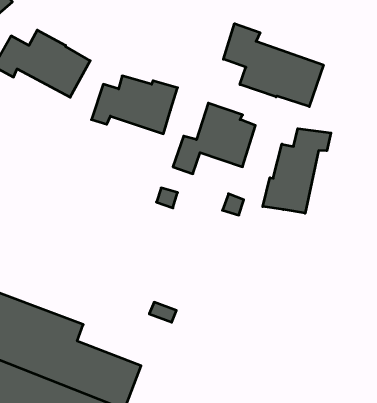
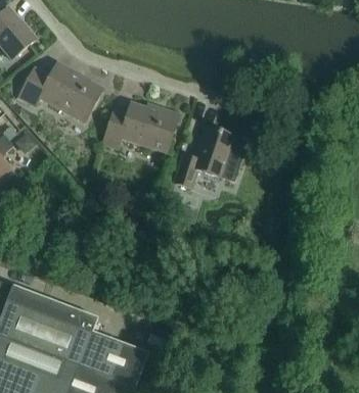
building: [223,24,323,107] -> none
building: [263,129,331,213] -> none

